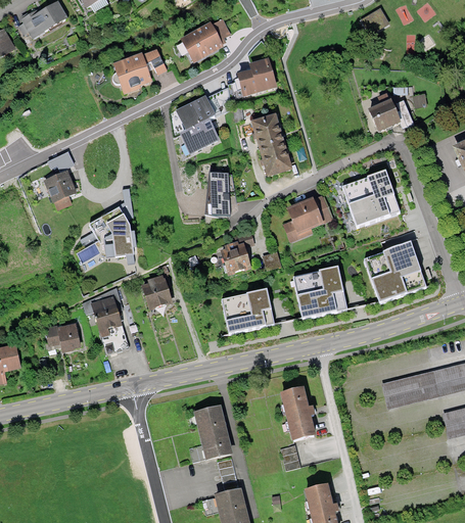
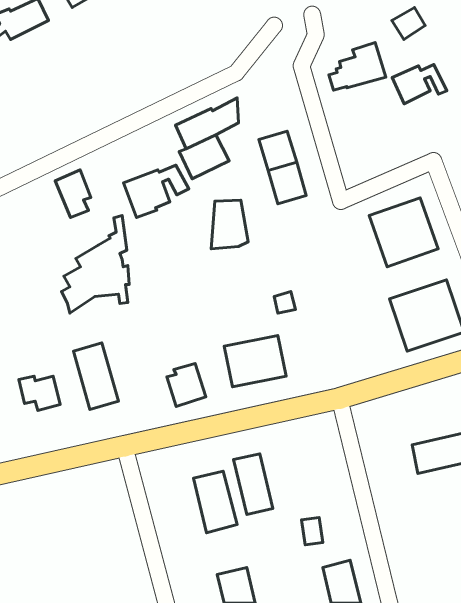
building: [181,16,232,60] -> none
building: [113,47,170,92] -> [123,165,189,217]
building: [230,55,279,96] -> [329,43,386,90]
building: [369,99,416,133] -> [392,65,447,104]
building: [46,168,77,208] -> [55,170,91,218]
building: [282,195,331,243] -> none
building: [218,239,254,277] -> none
building: [288,266,344,319] -> none
building: [138,274,172,311] -> [167,364,206,406]
building: [280,389,314,441] -> [234,454,273,514]

